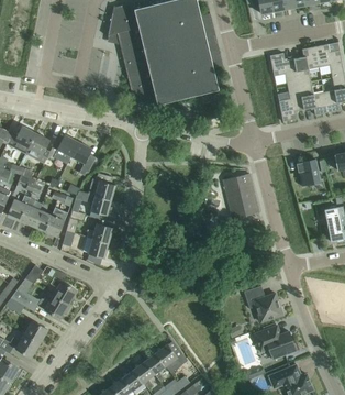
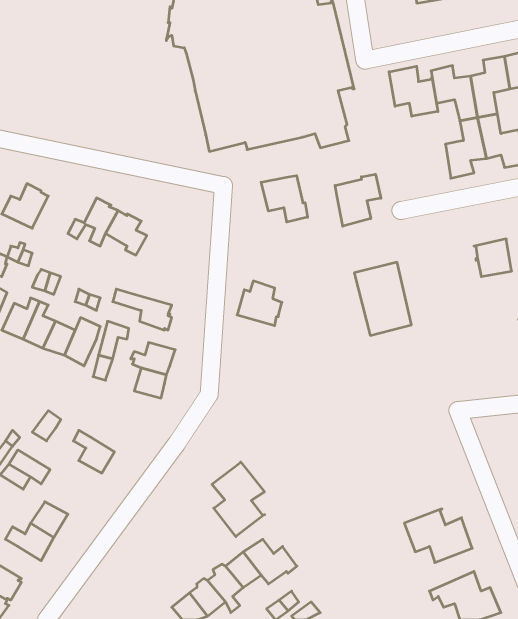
building: none -> [389,66,438,116]
building: none -> [335,174,381,226]
building: none -> [261,176,308,222]
building: [25,133,49,163] -> none
building: [88,173,115,200] -> [237,281,282,326]
building: [244,286,282,322] -> none
building: [37,292,70,318] -> none
building: none -> [212,462,265,537]

